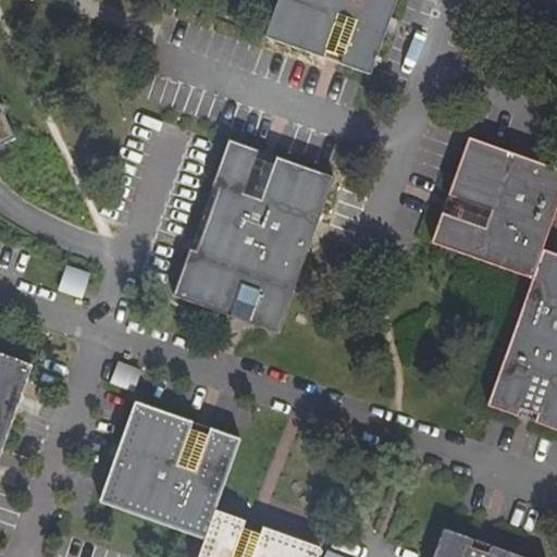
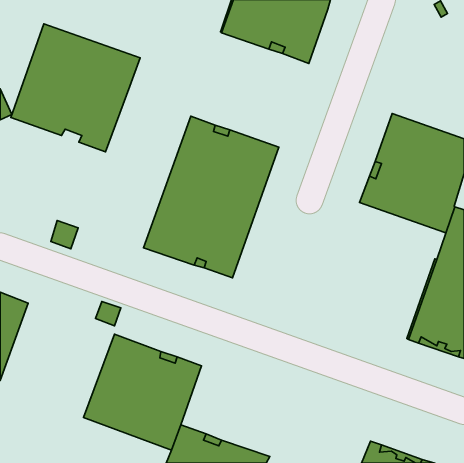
building: none -> [11,24,140,152]

